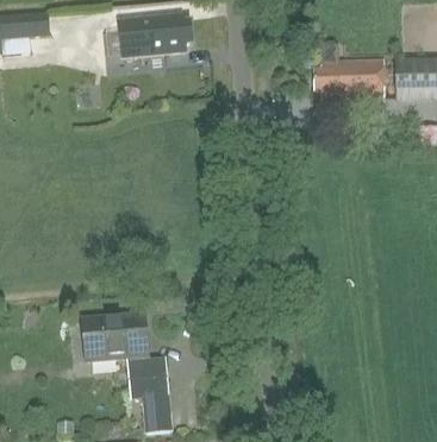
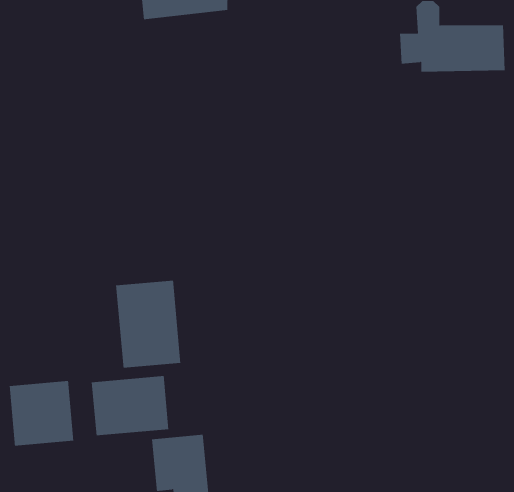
building: none -> [116,280,181,369]
building: none -> [9,380,74,446]

